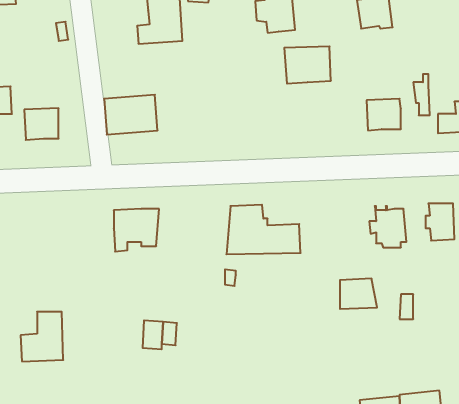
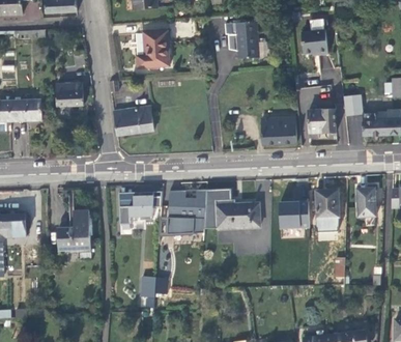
building: [284,46,331,84] -> [261,117,296,145]
building: [24,108,59,140] -> [56,83,82,107]
building: none -> [157,191,207,237]
building: [340,279,377,309] -> [275,198,303,221]
building: [21,312,63,361] -> [58,212,90,250]

